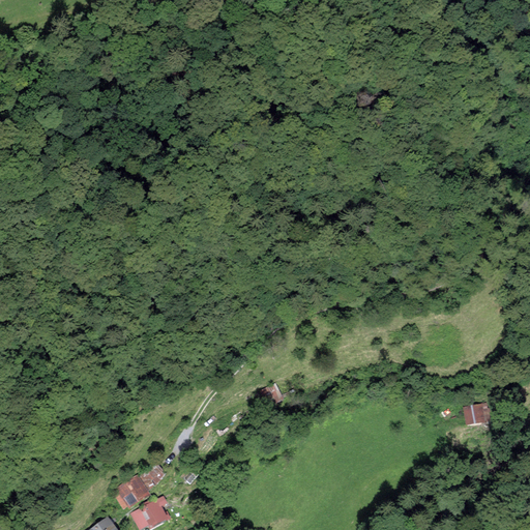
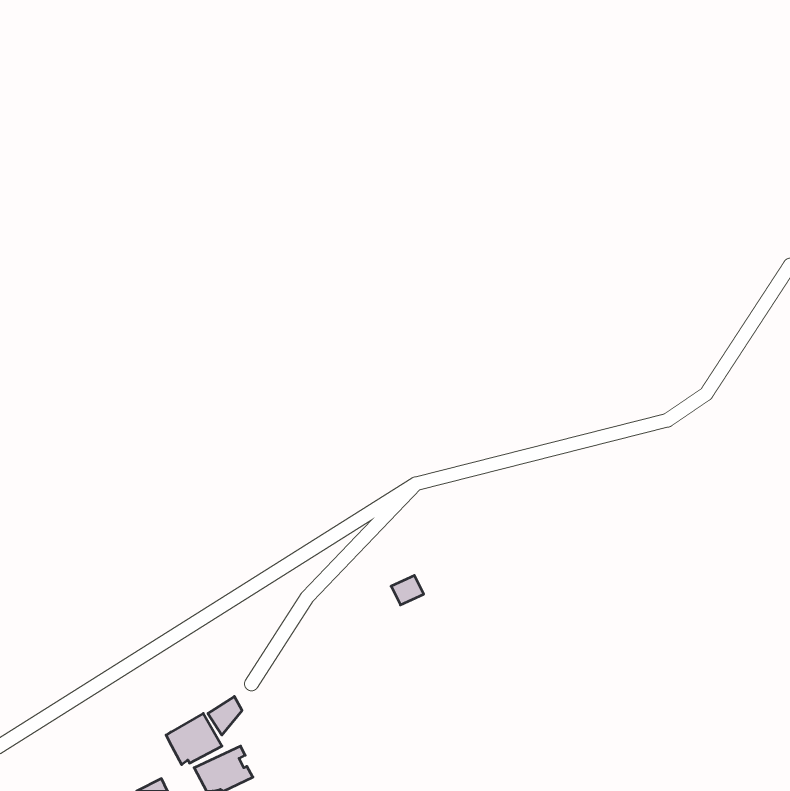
building: [464,404,493,424] -> none

